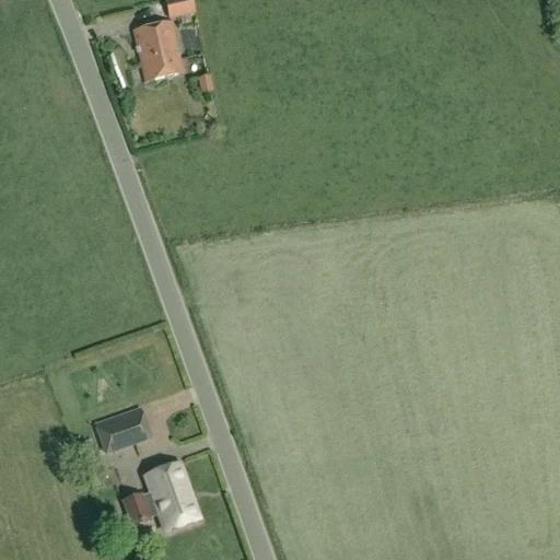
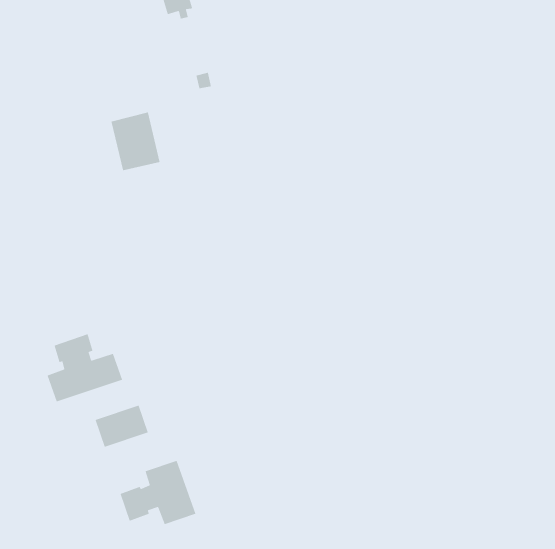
building: [133,19,184,79] -> [110,111,160,171]
building: none -> [46,333,123,403]

